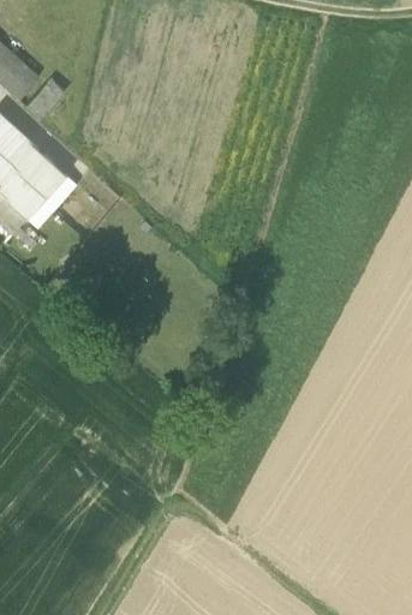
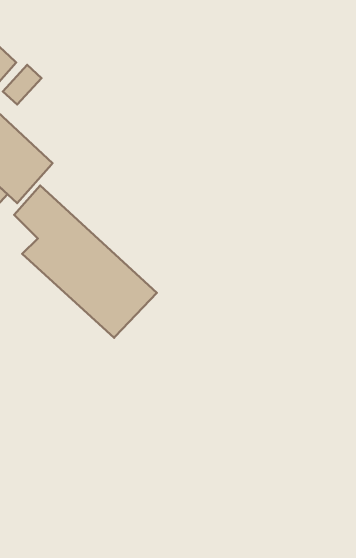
building: none -> [14,185,157,338]

